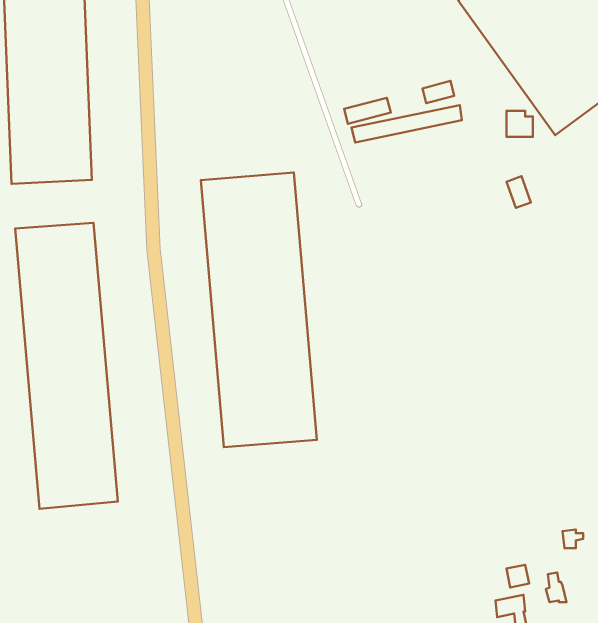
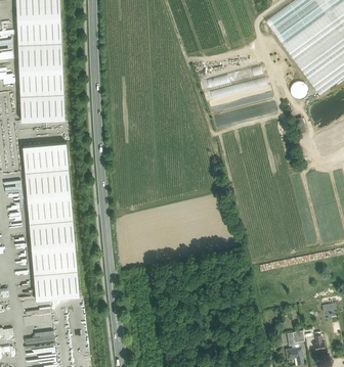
building: [201,173,317,447] -> none

